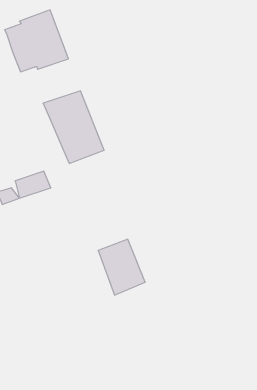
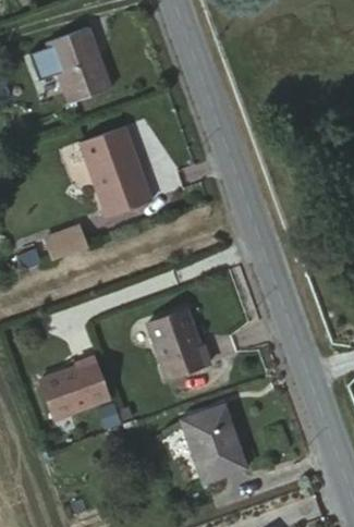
building: none -> [40,360,110,419]
building: none -> [176,402,244,478]

